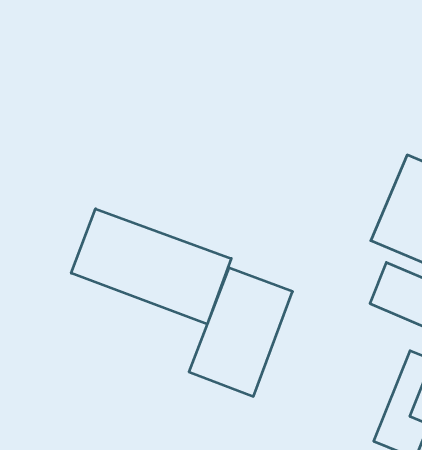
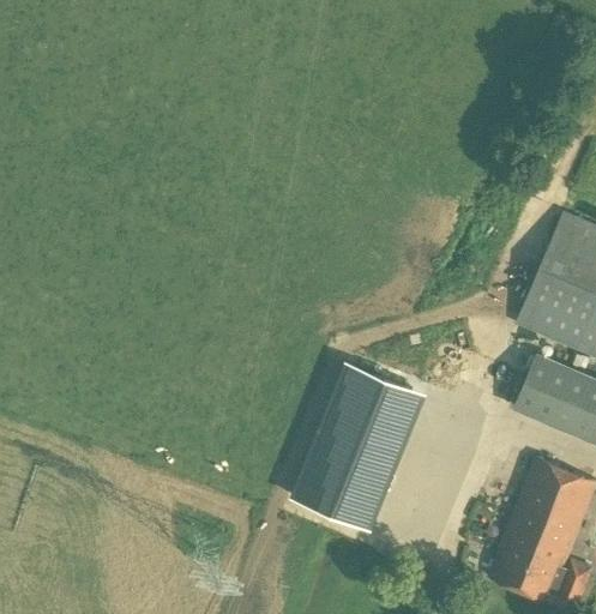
building: [71,209,231,324] -> none
building: none -> [493,458,571,590]

